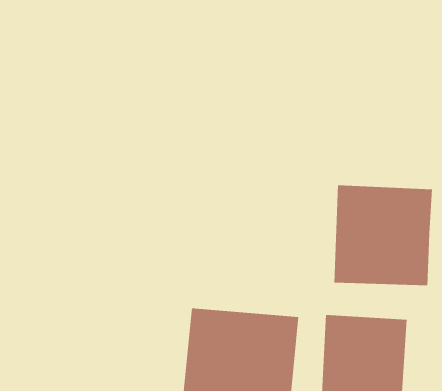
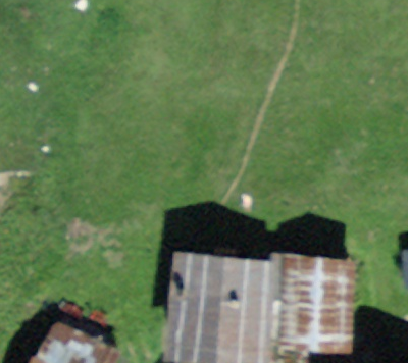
building: [334,184,433,286] -> none

